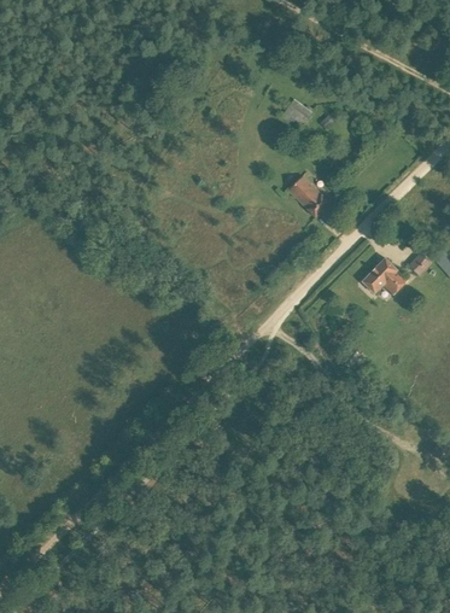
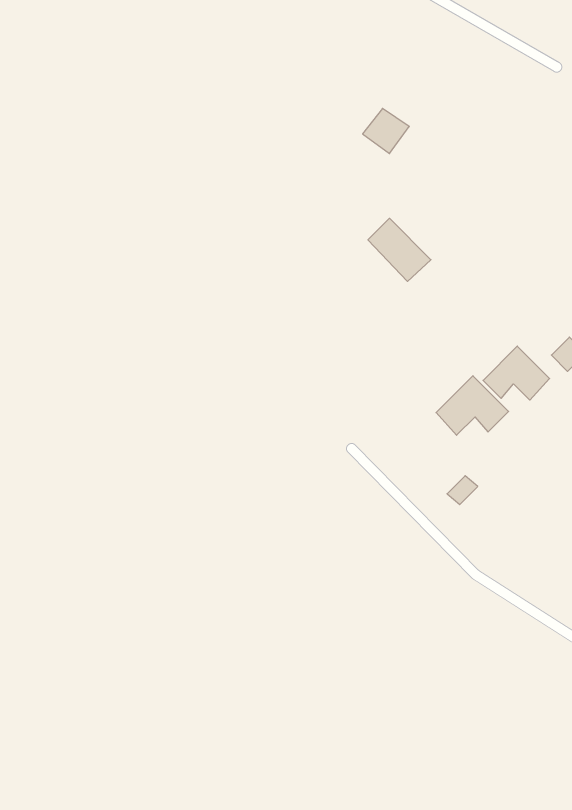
building: none -> [436,376,509,435]

